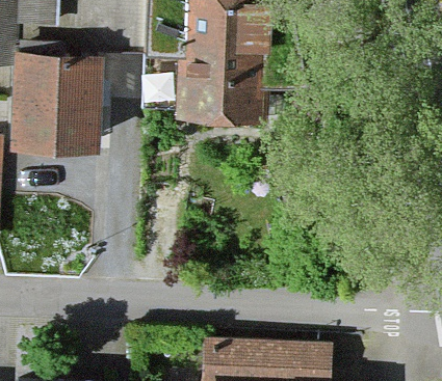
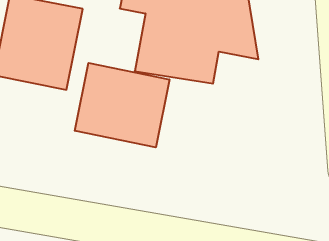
building: none -> [75,63,169,147]

